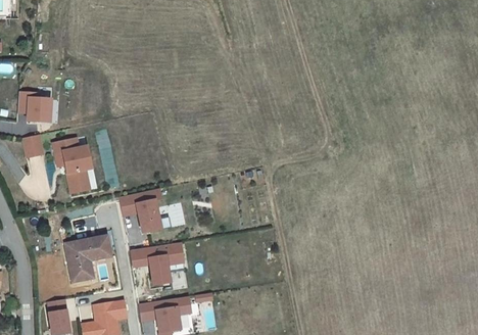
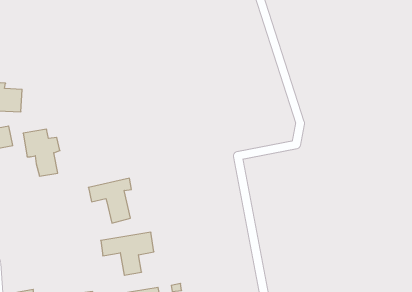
building: [65,236,111,281] -> none

